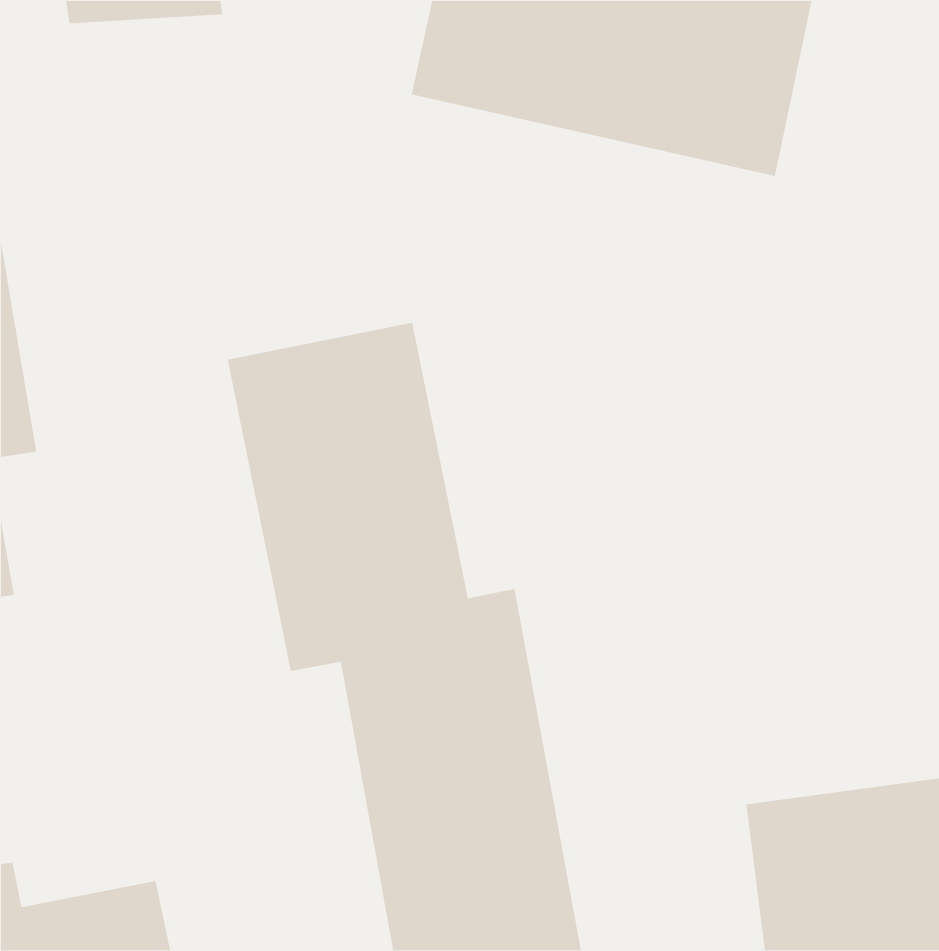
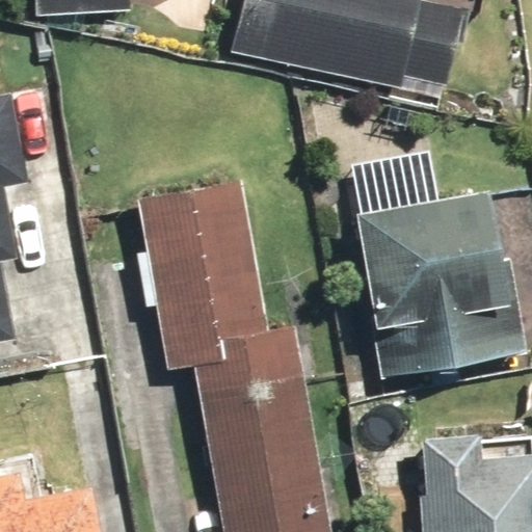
building: none -> [358,196,512,375]

